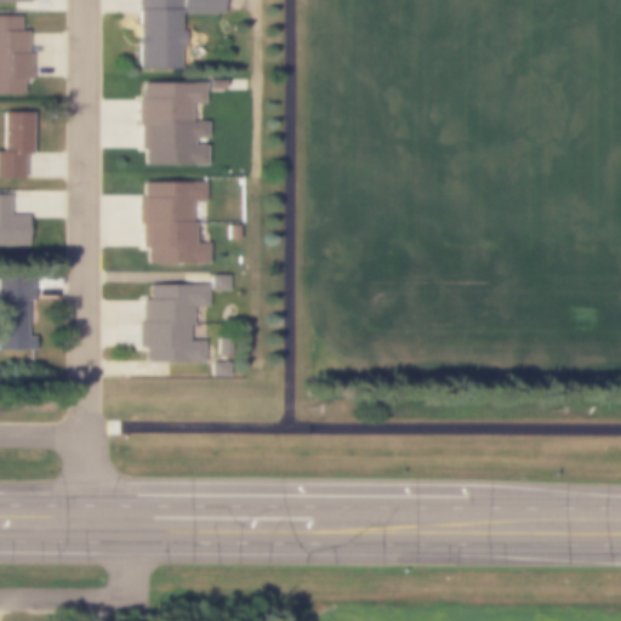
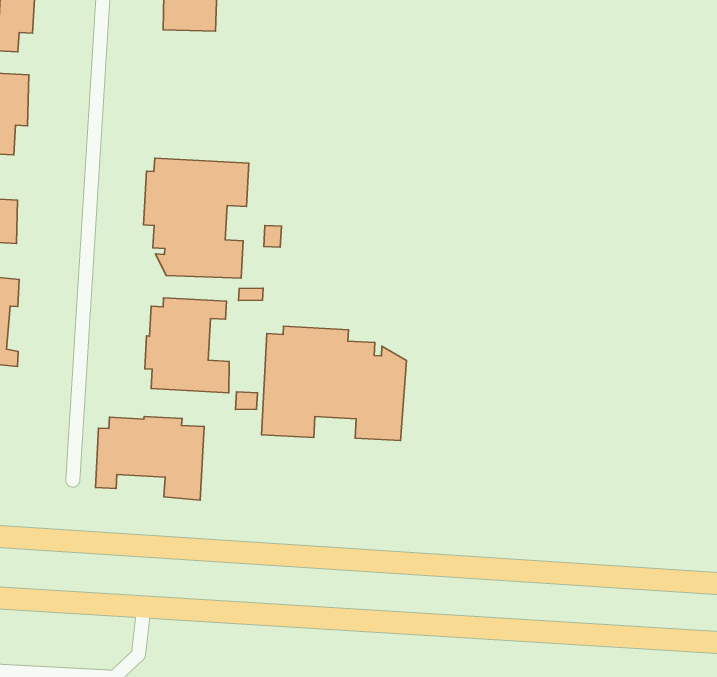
building: [142,79,211,159] -> none
building: none -> [261,326,407,441]
building: none -> [95,416,204,500]

